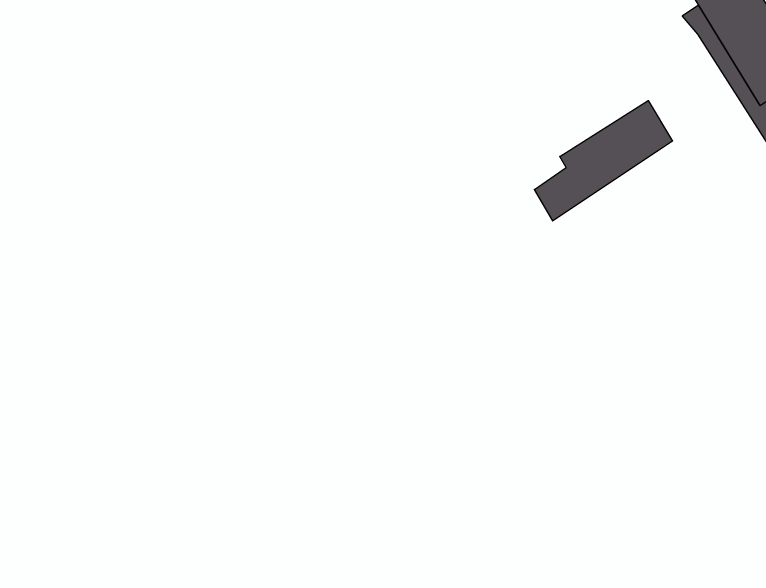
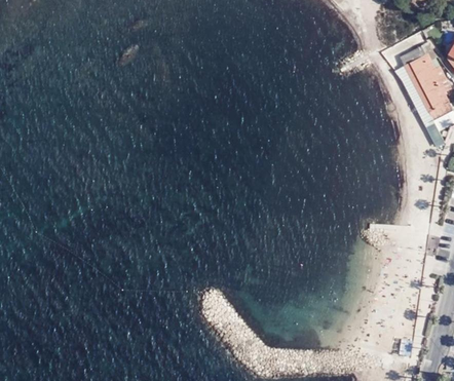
building: [534,101,673,221] -> none

